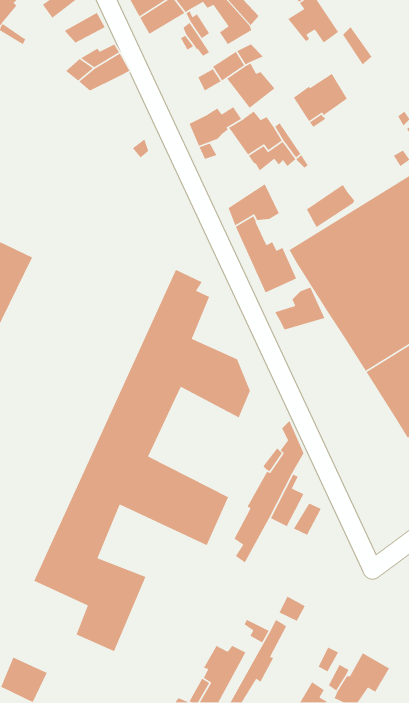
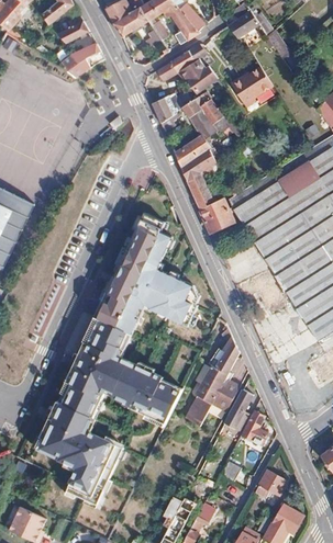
building: [306,185,355,228] -> [173,135,210,168]
building: [274,287,325,330] -> none
building: none -> [241,411,267,445]
building: none -> [254,471,286,497]

